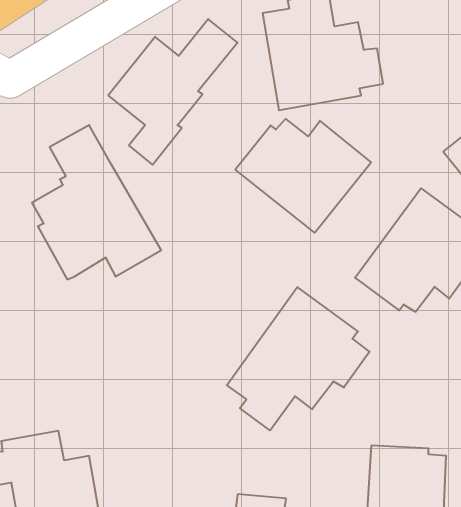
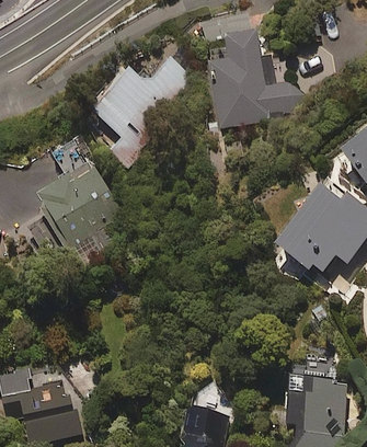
building: [235,119,371,233] -> none
building: [227,287,370,430] -> none

